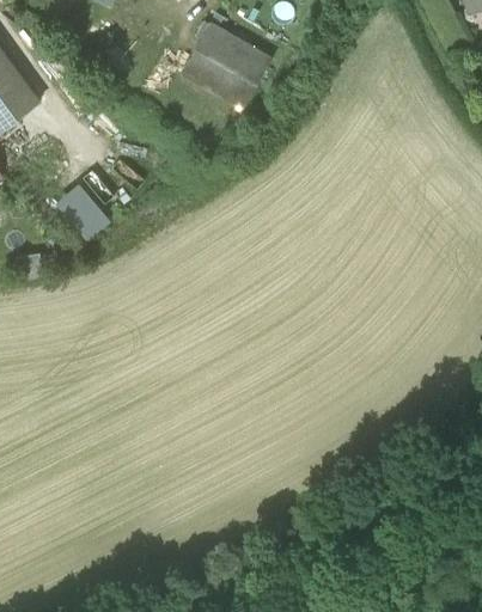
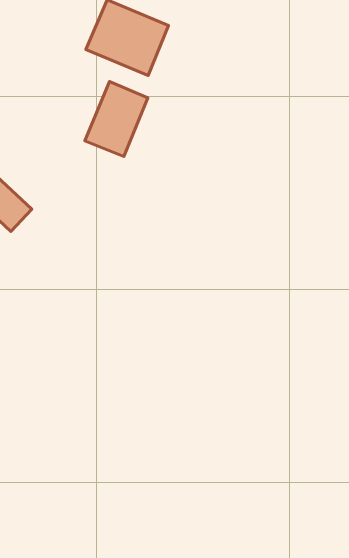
building: none -> [85,82,148,156]

